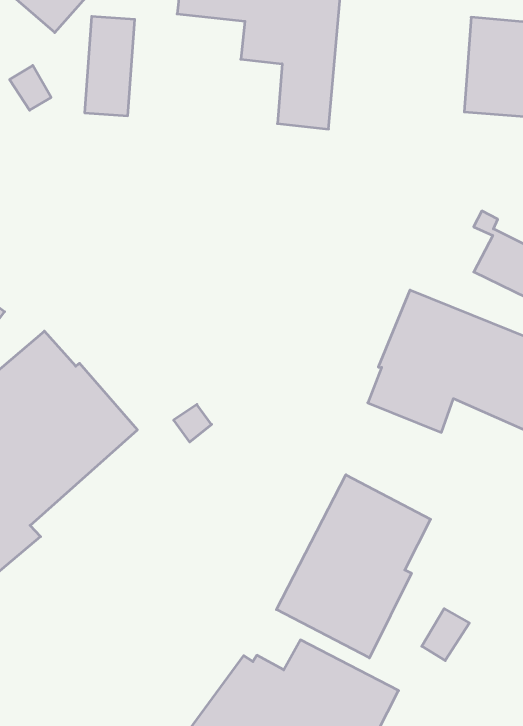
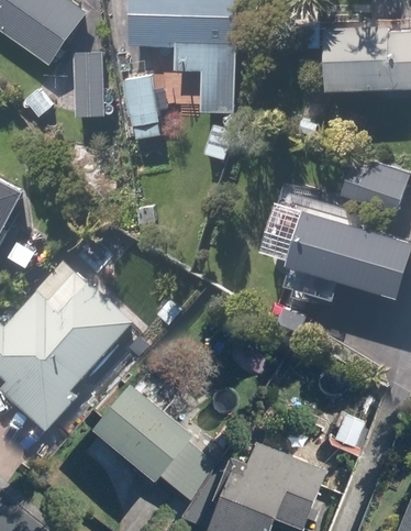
building: none -> [124,76,168,136]
building: [276,475,431,658] -> none
building: none -> [88,387,207,502]

